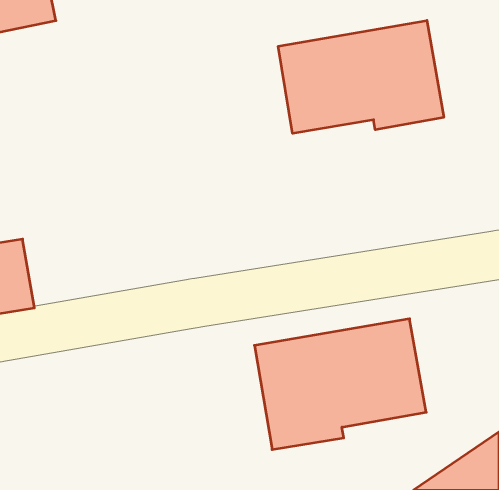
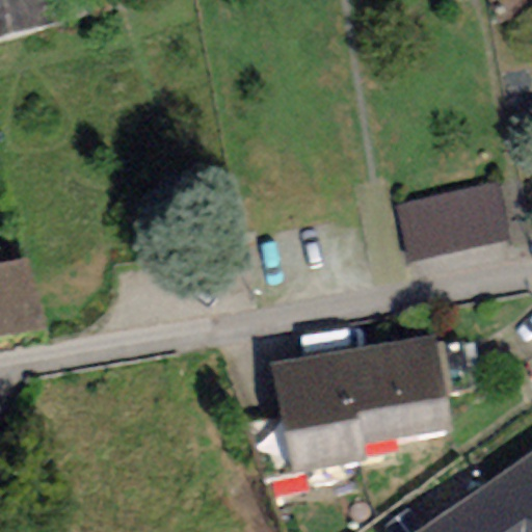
building: [278,20,444,133] -> none
building: none -> [397,176,509,250]

